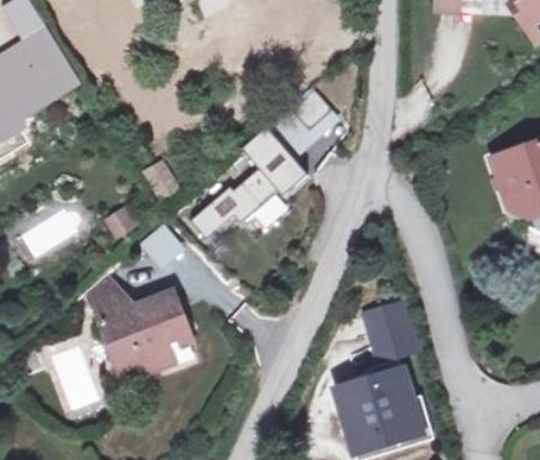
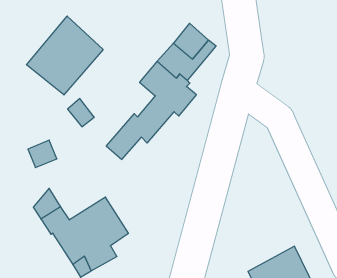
building: none -> [27,16,103,95]
building: [367,310,418,367] -> none

